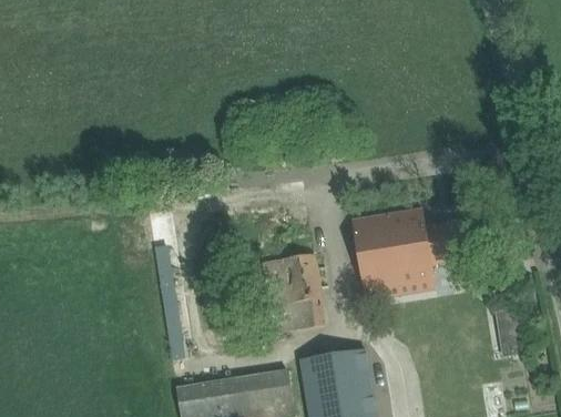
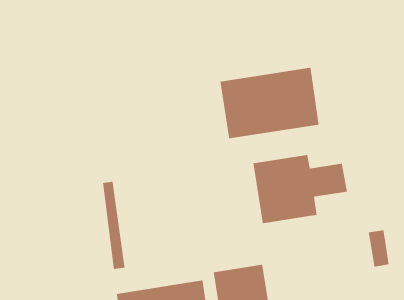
building: none -> [220,67,319,139]
building: [261,254,325,332] -> none

